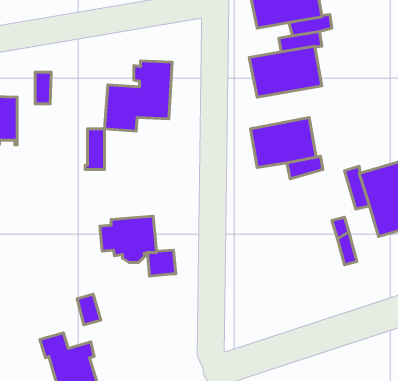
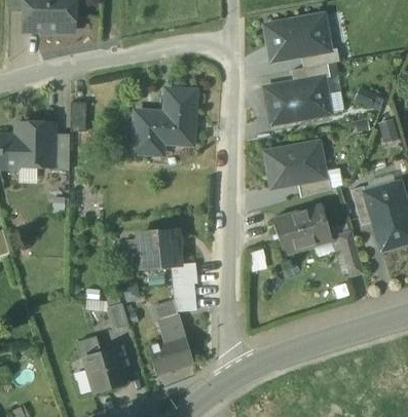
building: [85,129,104,170] -> [51,132,69,169]
building: none -> [271,201,332,254]
building: none -> [174,282,196,310]
building: none -> [146,314,191,373]

